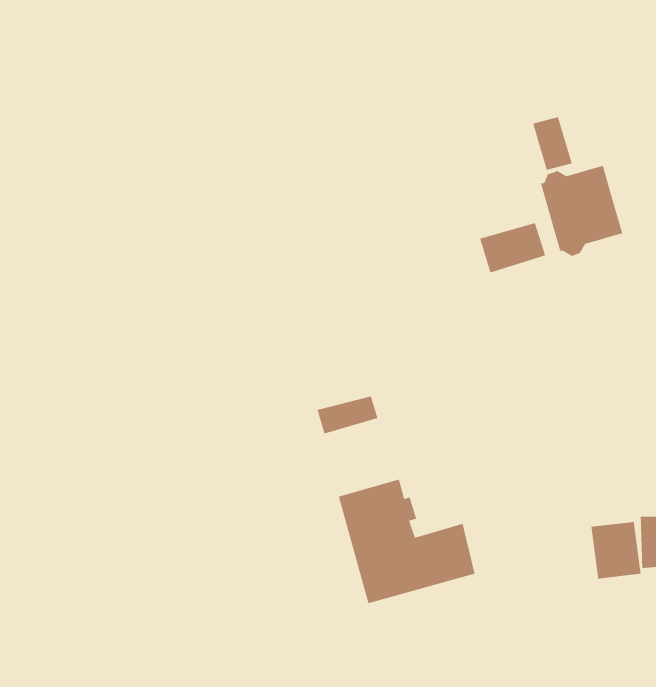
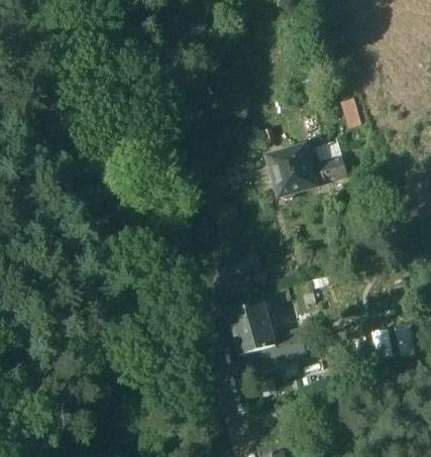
building: [540,165,623,257] -> [266,146,314,199]

